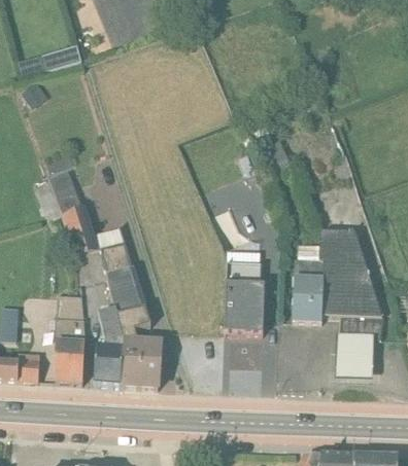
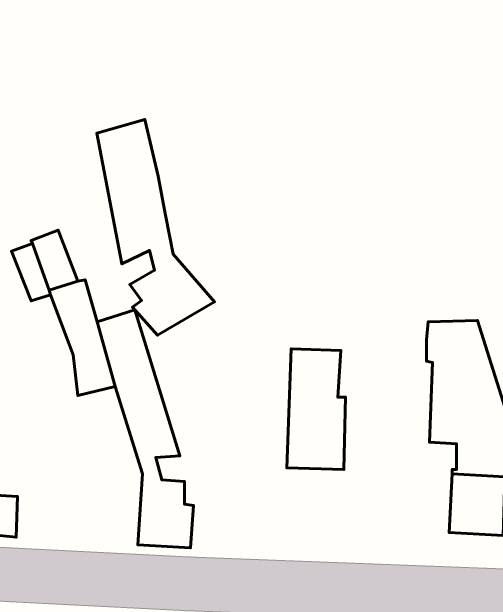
building: none -> [97,119,215,335]
building: [292,245,324,323] -> none
building: [48,294,84,383] -> none
building: [95,308,125,386] -> none

